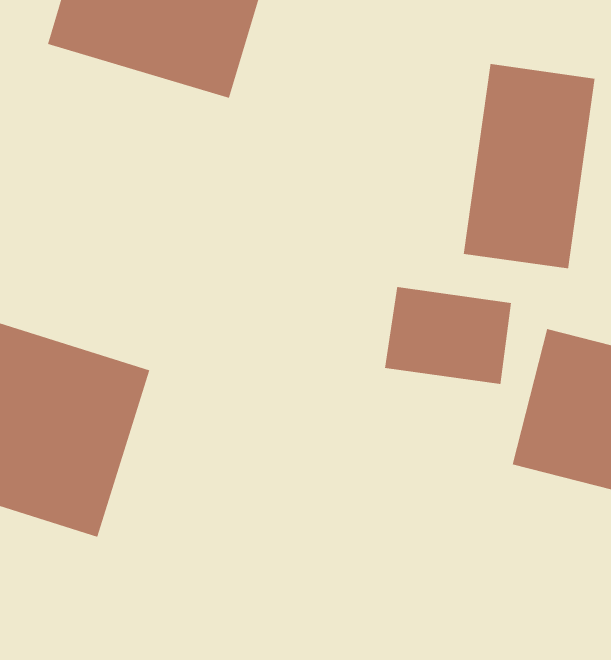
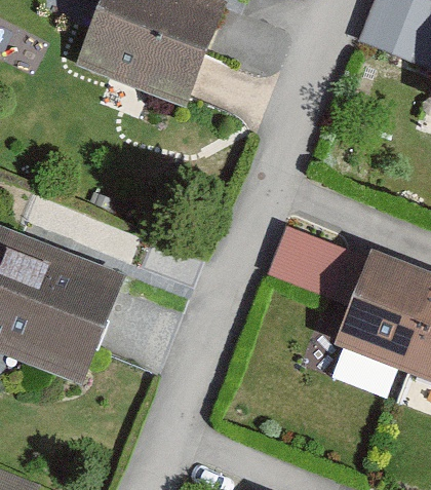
building: [463,63,595,269] -> none

